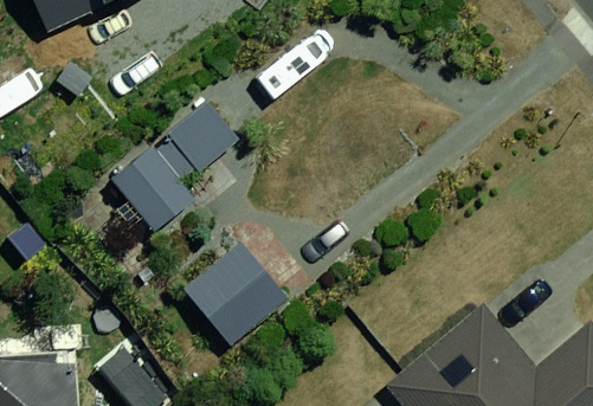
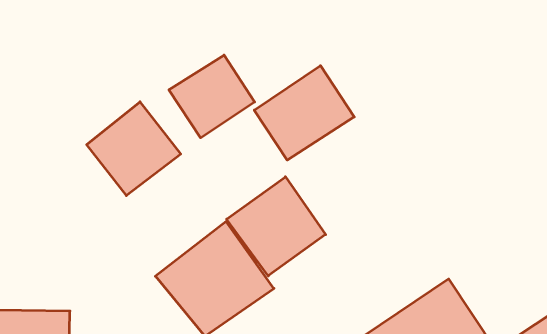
building: none -> [254,66,354,160]
building: none -> [227,177,326,276]

